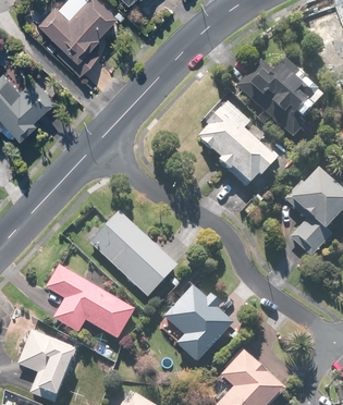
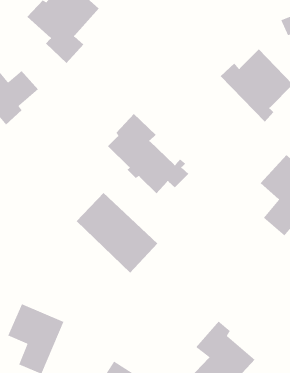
building: [196,102,283,188] -> [107,113,189,194]
building: [46,265,135,339] -> none
building: [163,287,231,365] -> none

